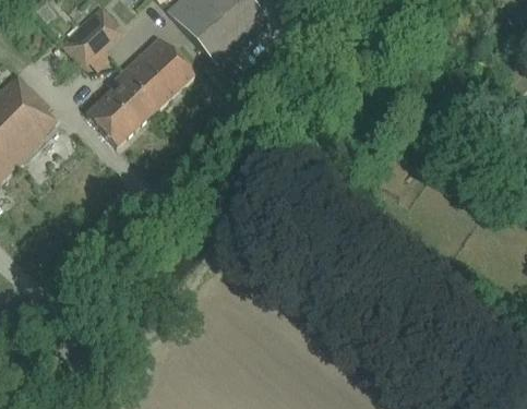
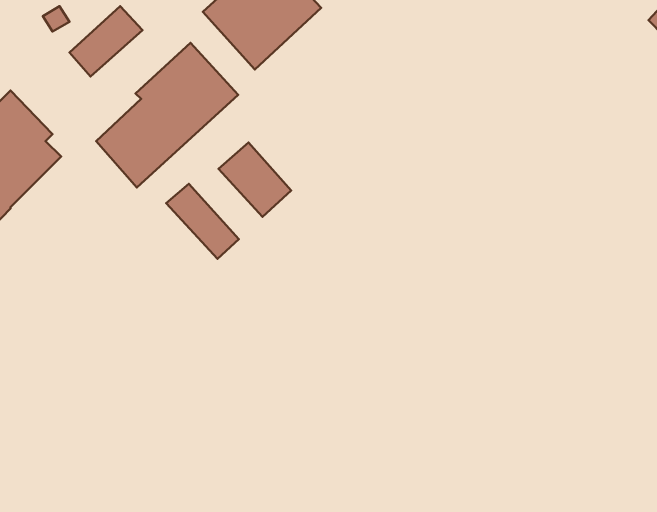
building: none -> [219,142,291,217]
building: none -> [166,184,239,259]

